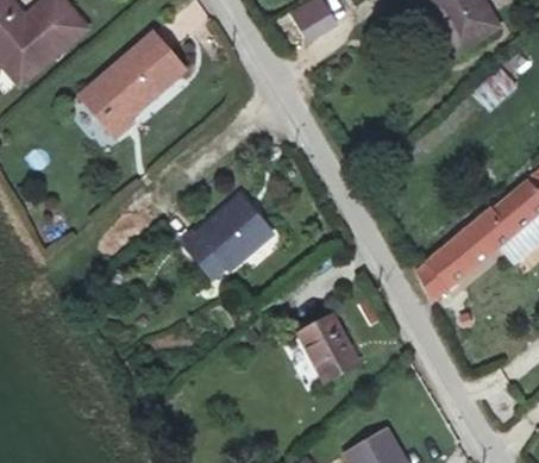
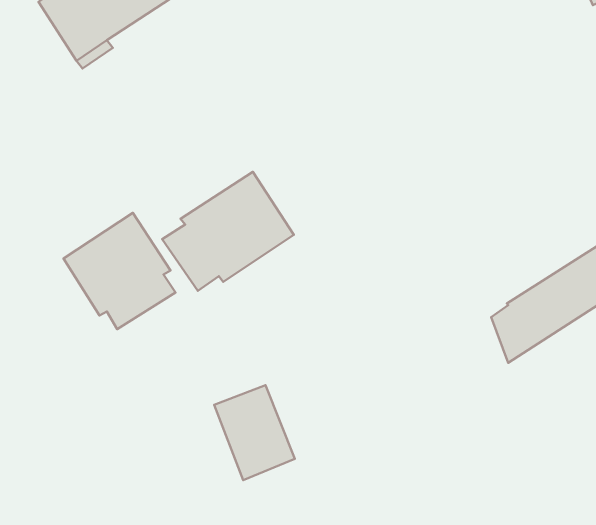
building: none -> [63,213,176,329]
building: [299,314,358,381] -> [214,385,295,480]

